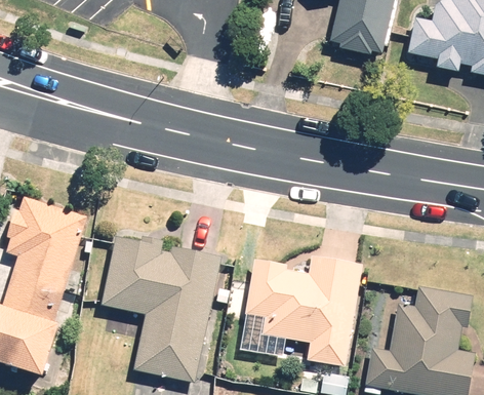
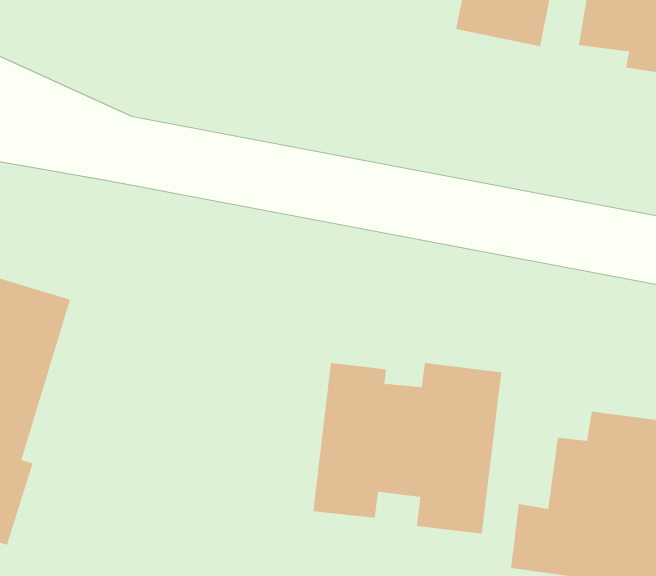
building: [102,232,221,383] -> none

